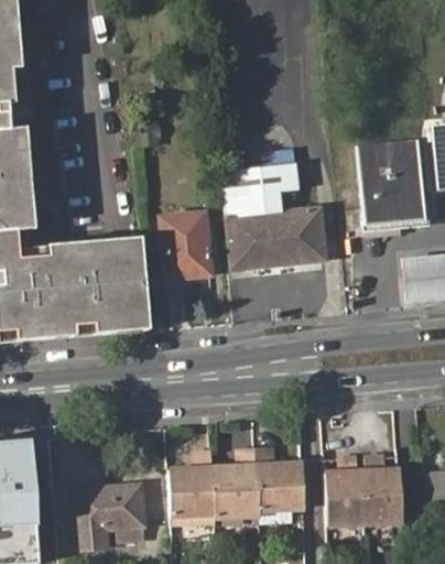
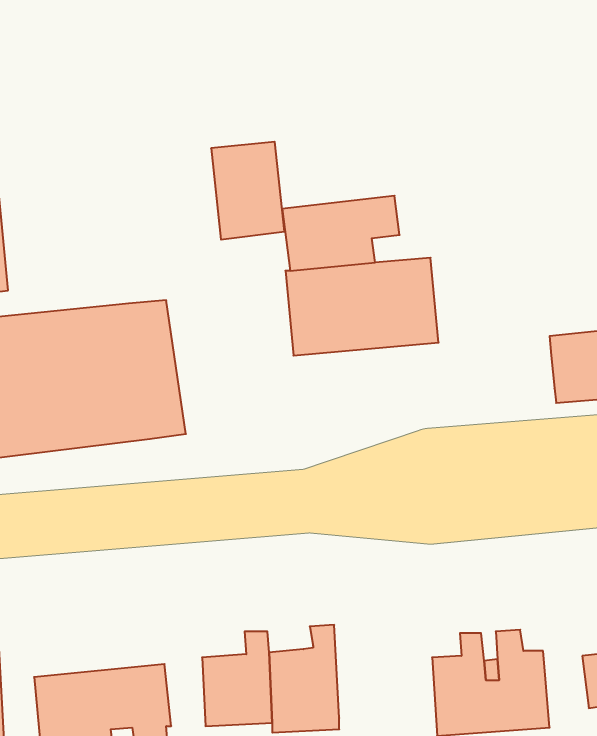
building: [359,139,426,227] -> none
building: [161,213,210,279] -> [211,142,285,240]
building: [258,453,305,516] -> none

